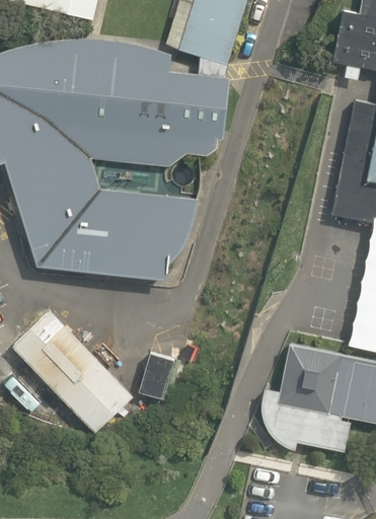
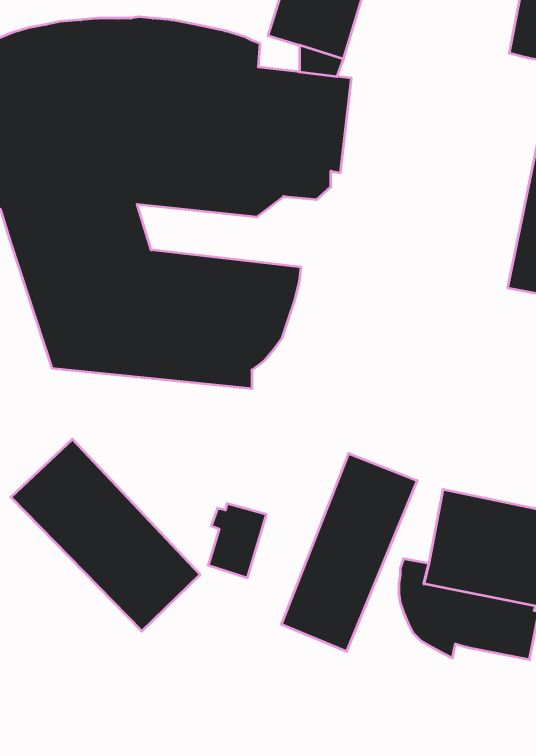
building: none -> [282,453,417,651]

